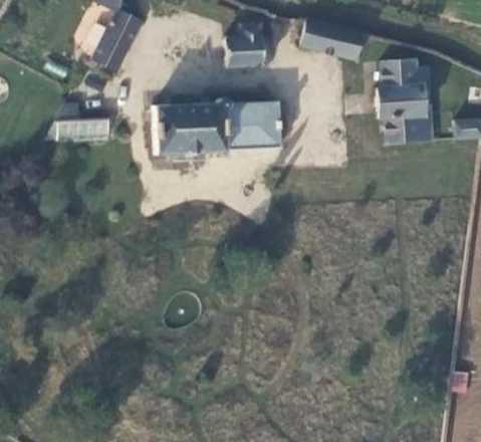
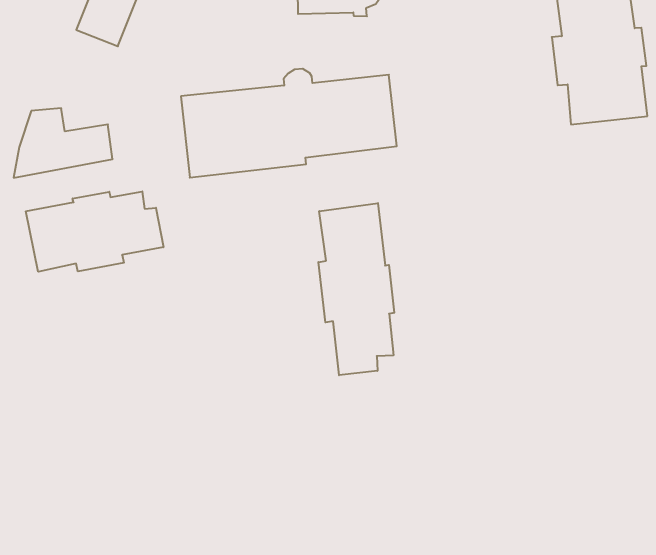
building: none -> [26,191,163,272]
building: none -> [318,203,394,375]

